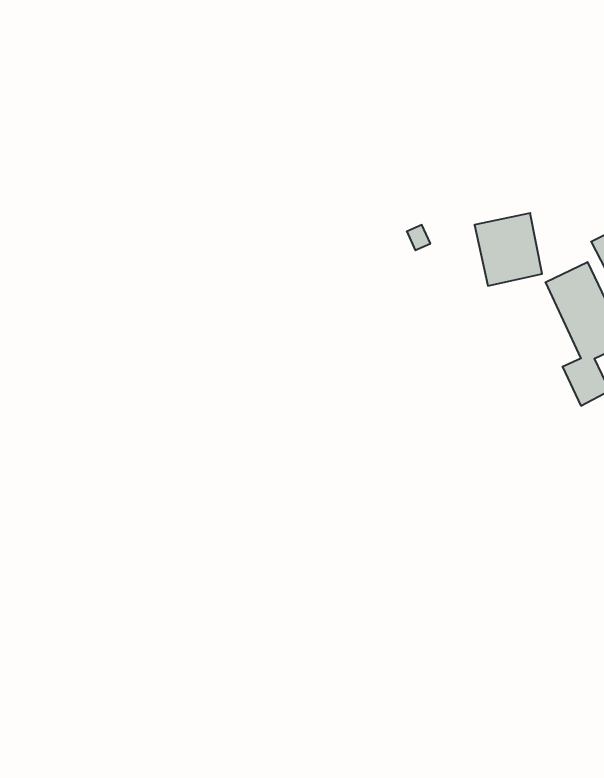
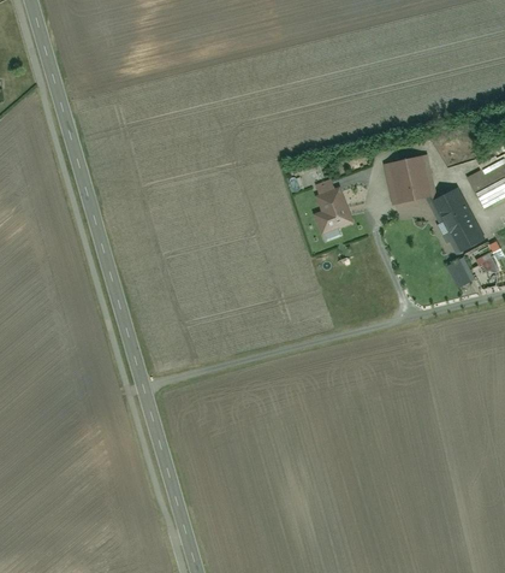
building: none -> [314,188,354,234]

